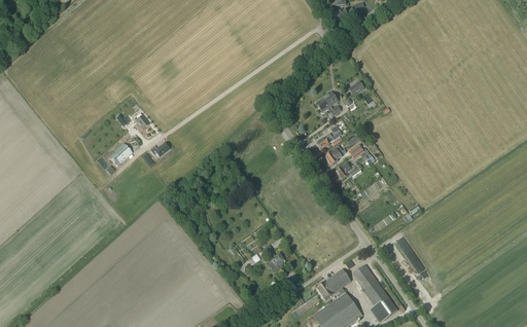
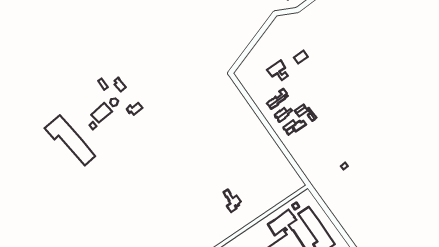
building: none -> [44,115,95,166]

